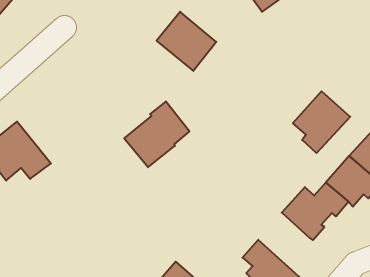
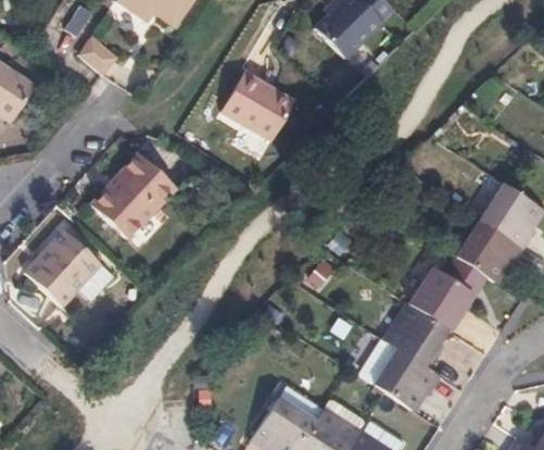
building: [293,91,350,153] -> none
building: [124,101,189,167] -> [92,159,172,243]
building: none -> [382,301,445,367]

